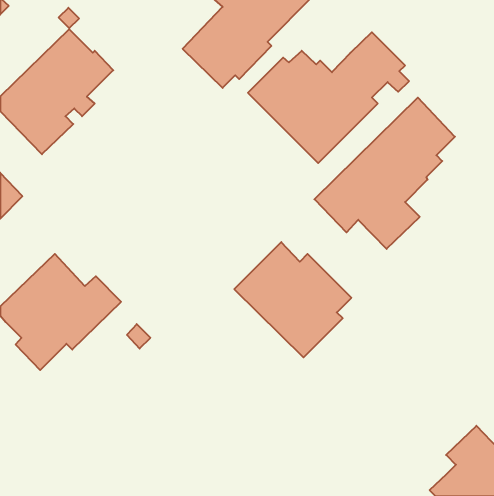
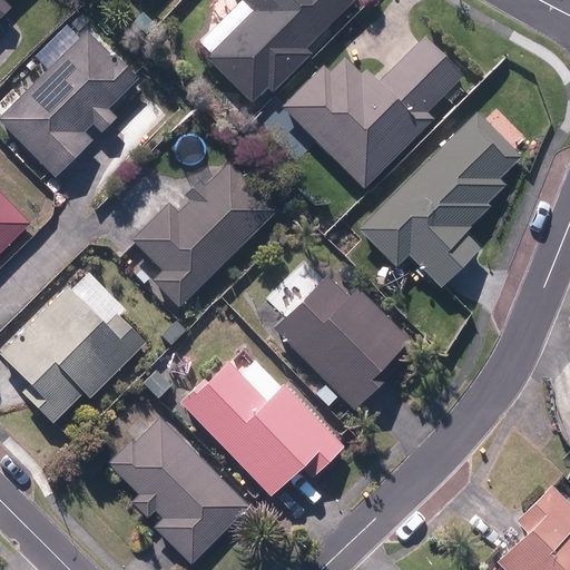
building: none -> [132,163,277,306]
building: none -> [181,361,341,495]
building: none -> [107,417,245,561]

